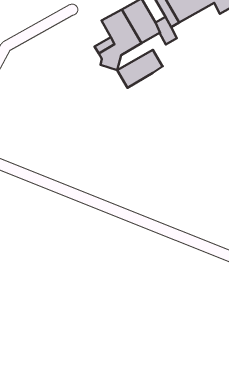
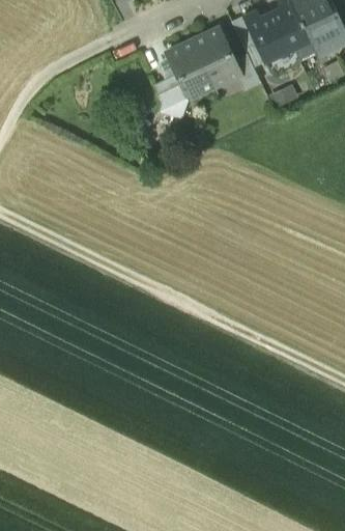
building: [117,50,163,88] -> none

